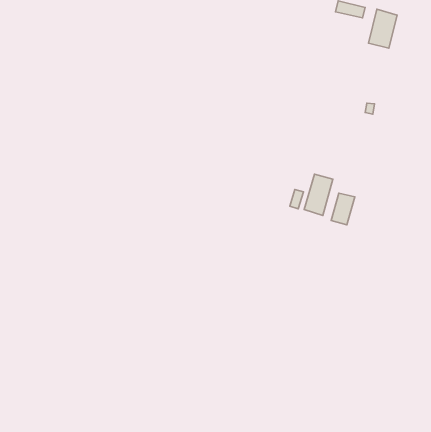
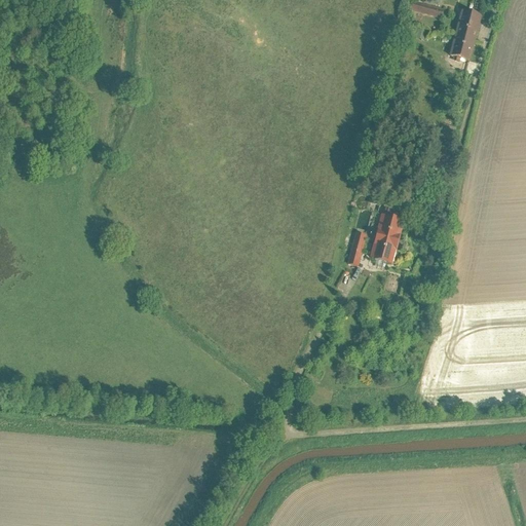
building: [331,193,355,225] -> none

